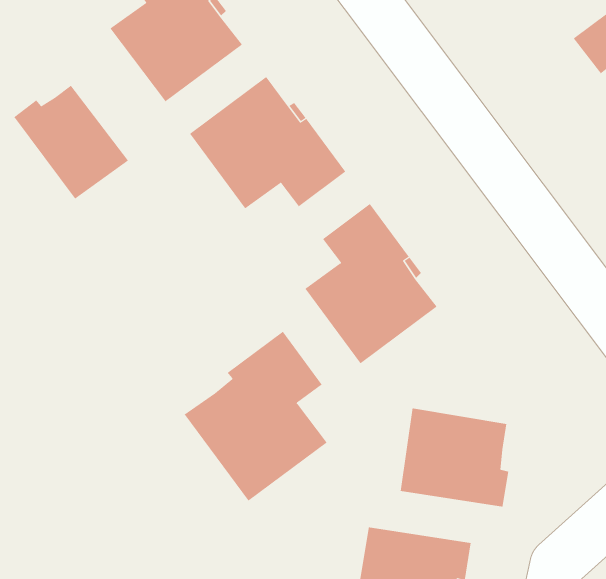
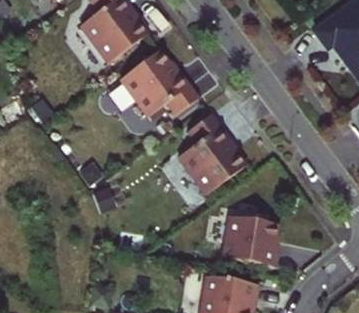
building: [14,85,129,200] -> none
building: [184,331,327,501] -> none

